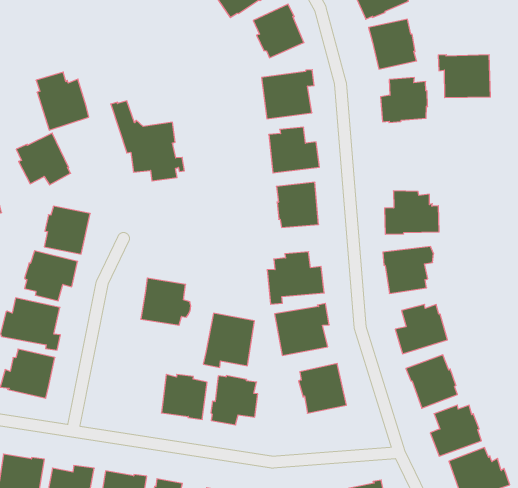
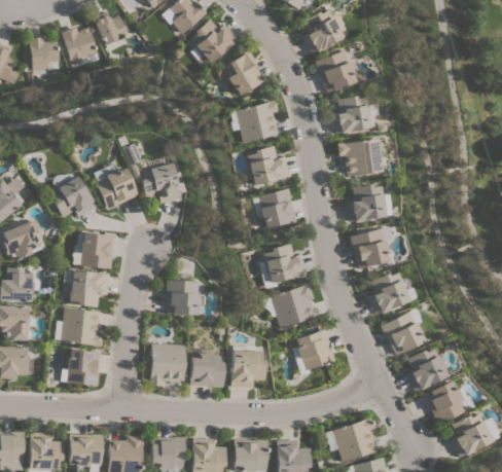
building: [438,55,490,98] -> [337,139,383,177]
building: [36,72,89,130] -> [93,164,138,211]
building: [203,313,254,367] -> [150,343,186,386]

